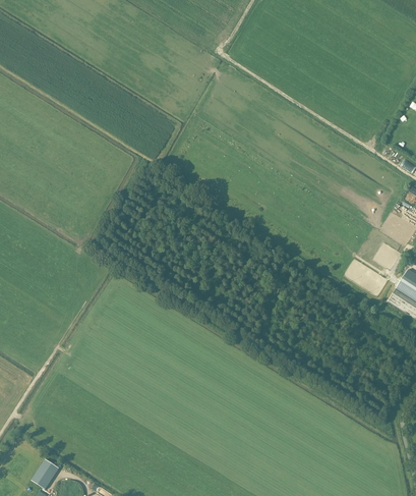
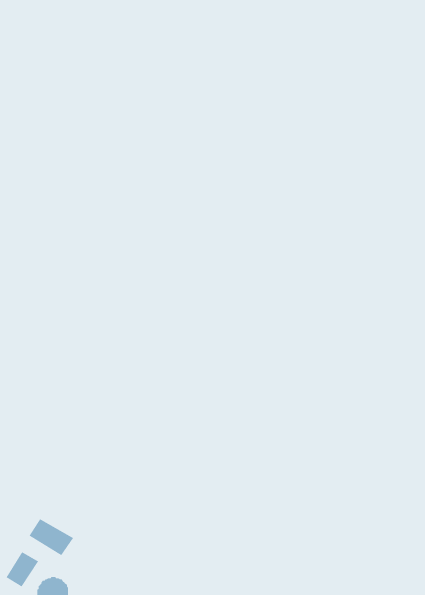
building: none -> [29,518,74,556]

